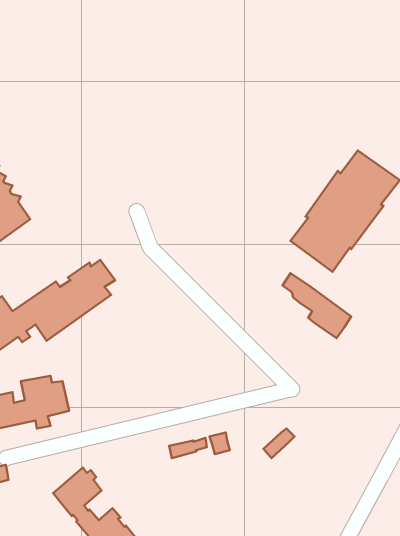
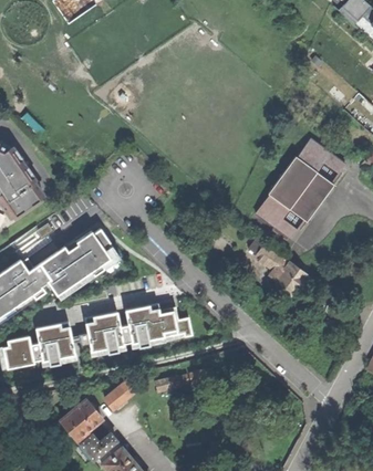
building: none -> [76,305,190,356]
building: none -> [100,378,134,410]

